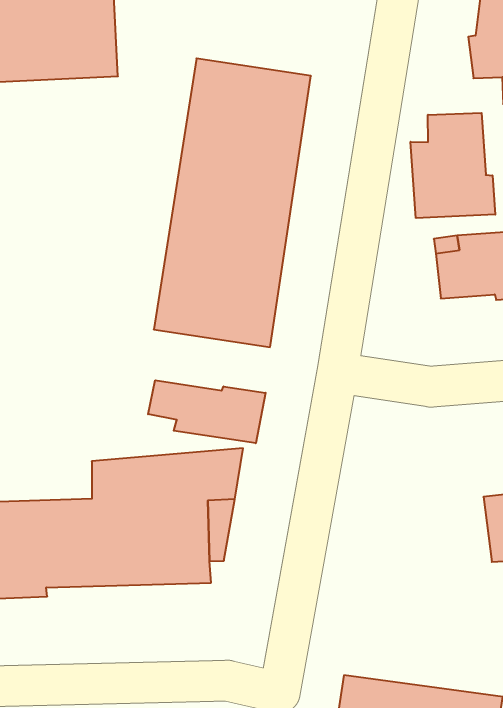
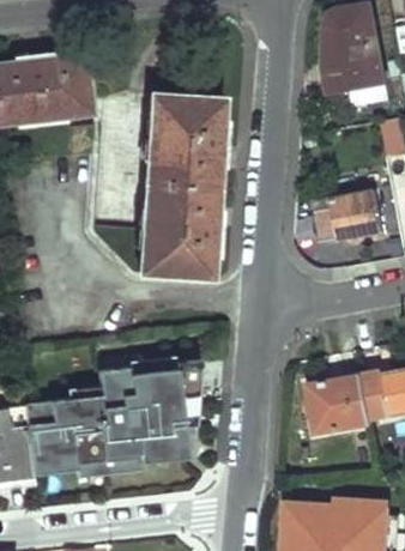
building: [411,113,495,218] -> none
building: [148,380,266,443] -> none
building: none -> [309,373,375,432]

